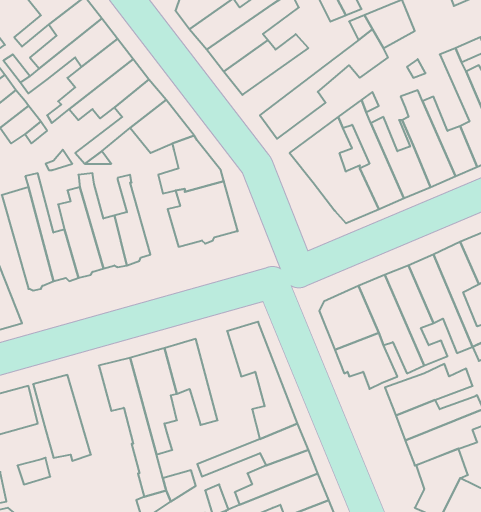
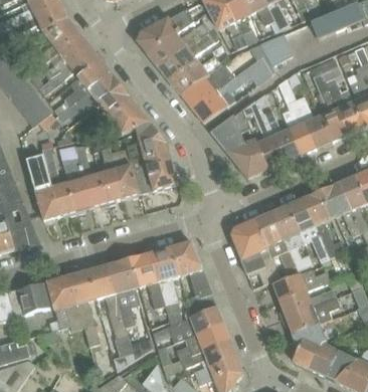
building: none -> [181,63,234,108]
building: none -> [109,148,141,197]
building: none -> [151,246,180,312]
building: none -> [68,268,100,346]

